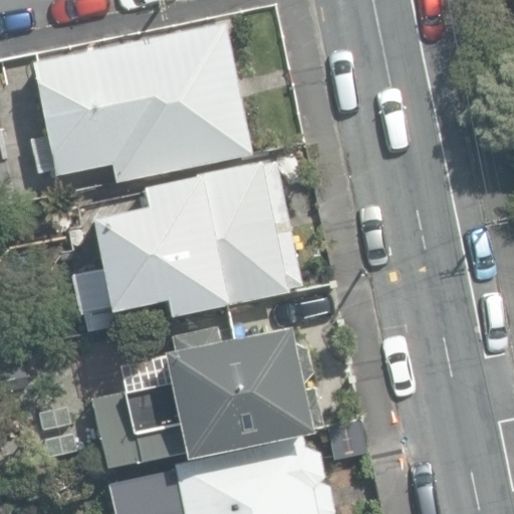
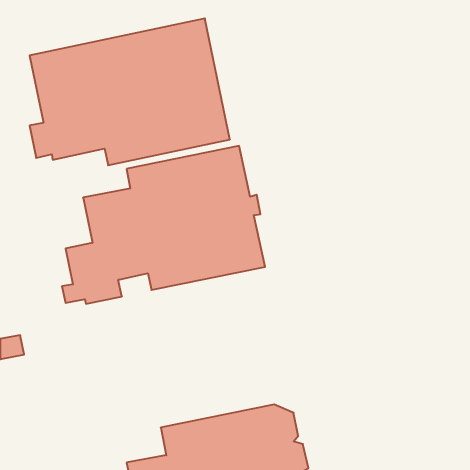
building: [90,326,321,469] -> none

